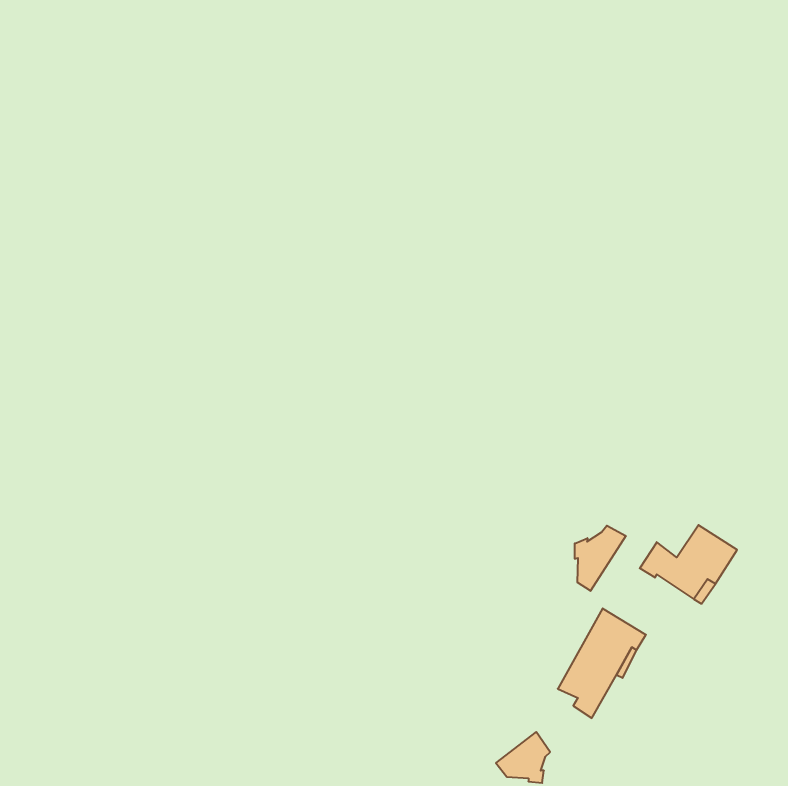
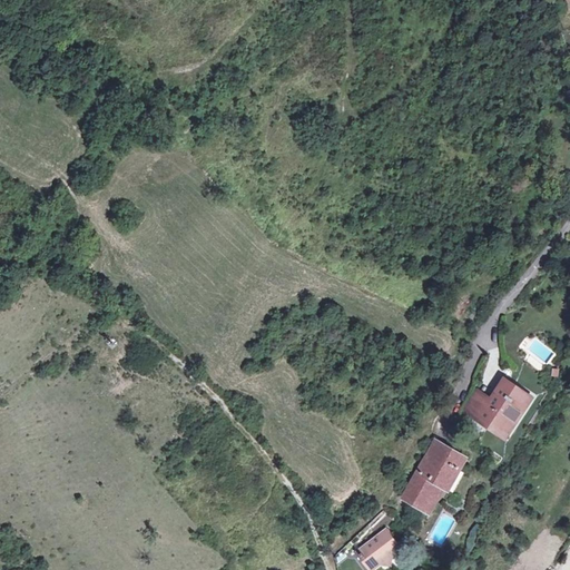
building: [575,526,626,591] -> none

